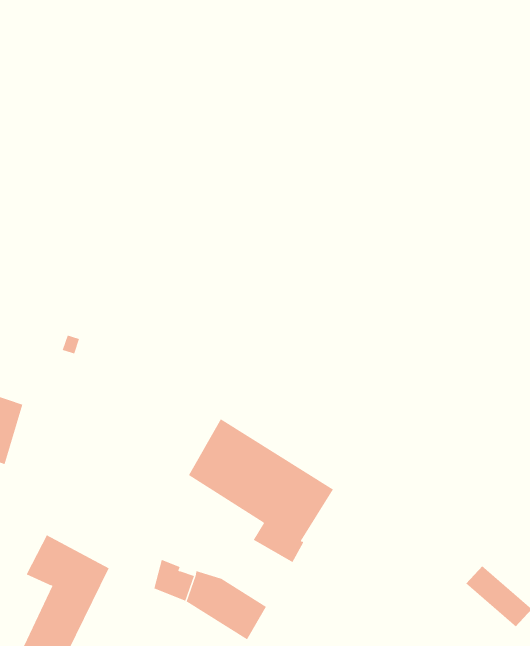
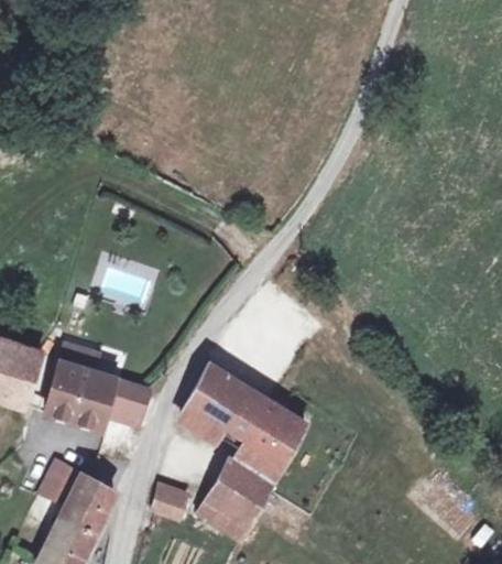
building: none -> [46,345,113,427]
building: none -> [111,381,150,423]
building: none -> [210,462,271,523]

